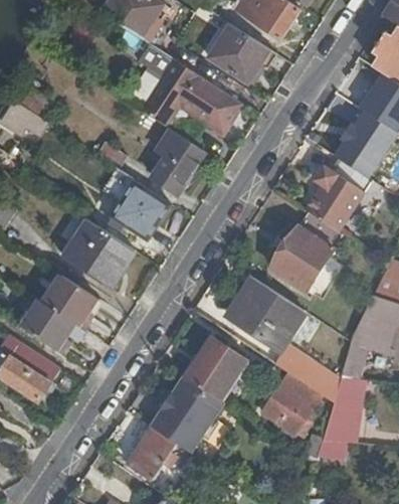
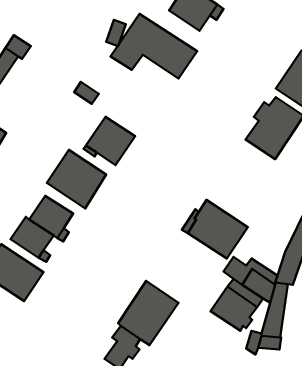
building: [151,130,204,194] -> none
building: [267,215,340,294] -> none
building: [187,341,247,402] -> none

